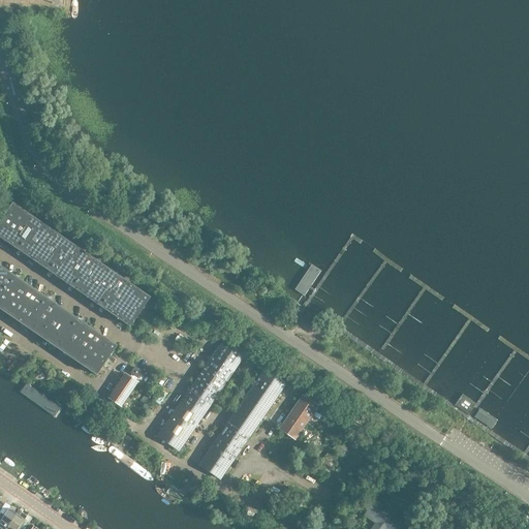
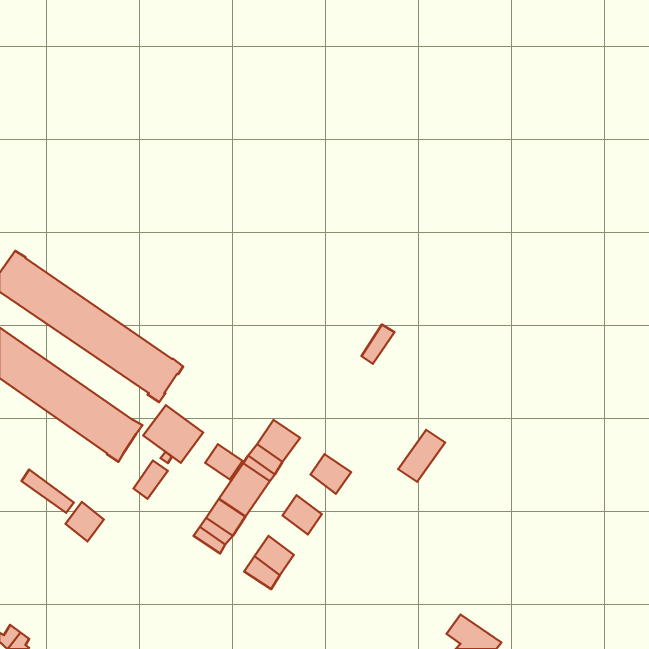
building: none -> [143,405,203,463]
building: none -> [205,444,243,480]
building: [241,385,273,417] -> none
building: [279,396,317,438] -> [398,430,445,482]
building: none -> [66,502,104,541]
building: [218,418,250,450] -> none

